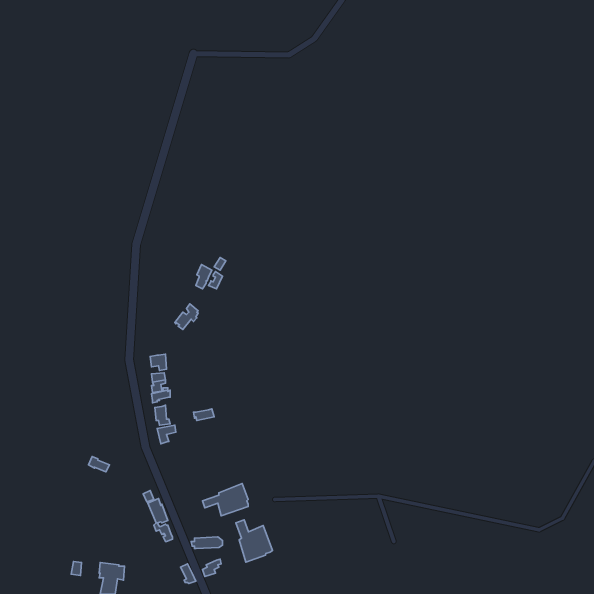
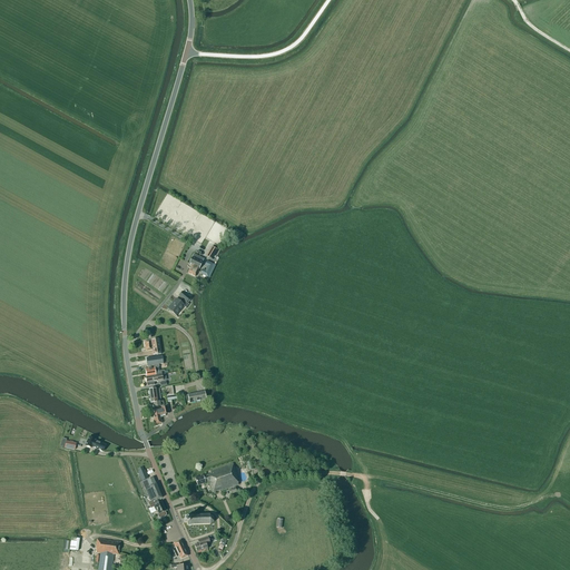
building: [236,520,272,562] -> none

